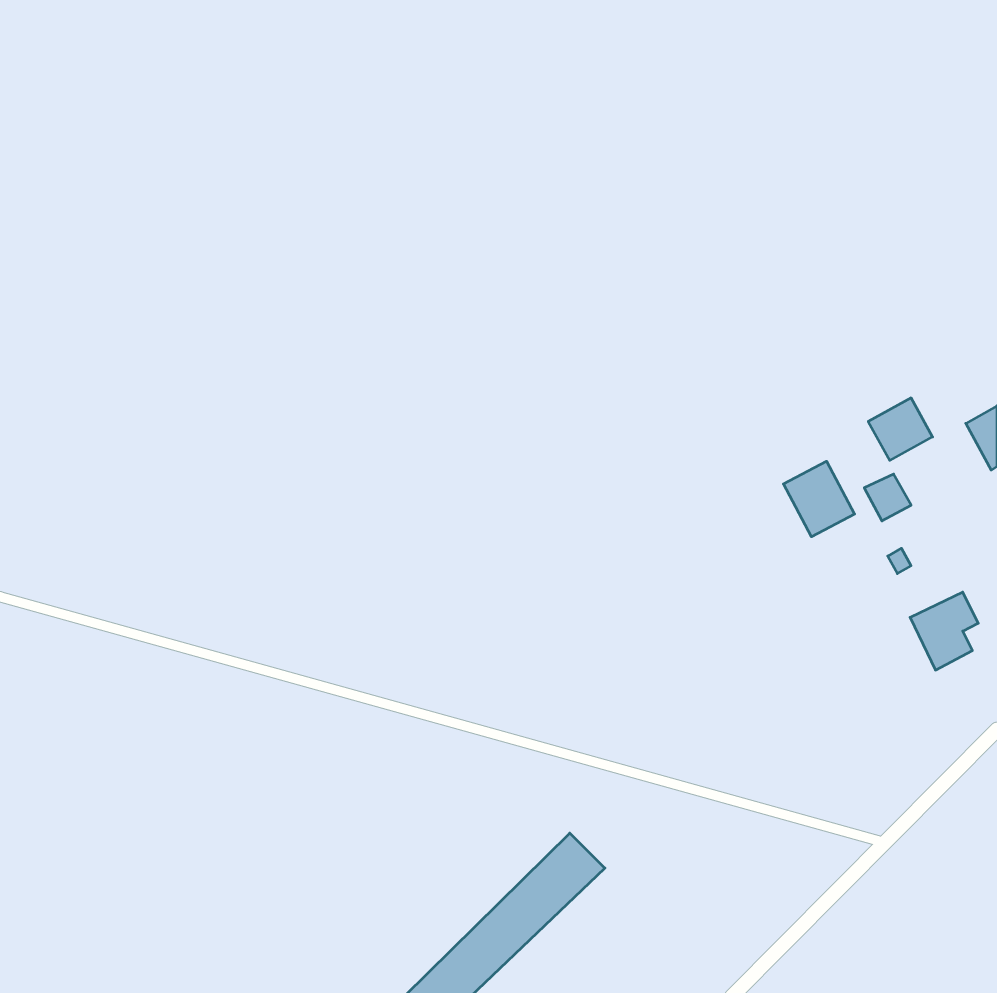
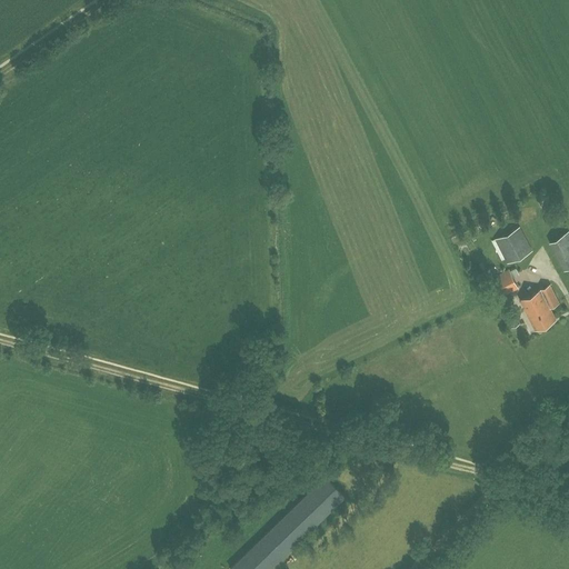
building: [783,461,855,537] -> none
building: [910,592,978,670] -> [520,287,559,331]

